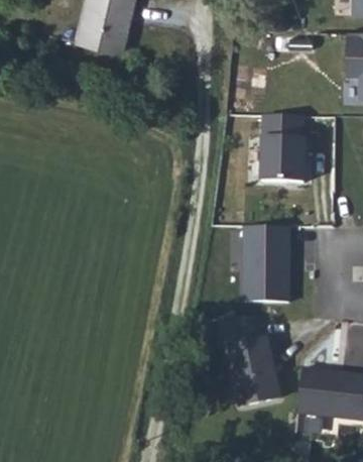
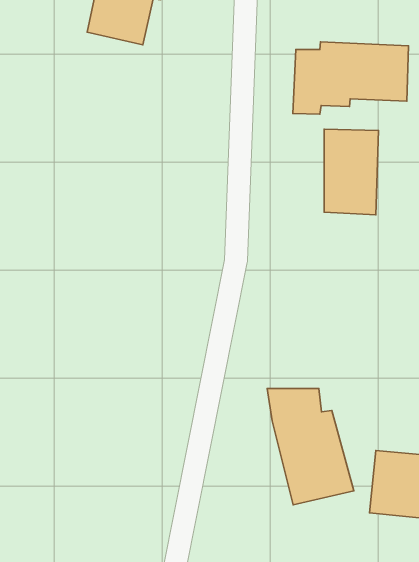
building: none -> [293,42,409,114]
building: [244,226,291,303] -> none

